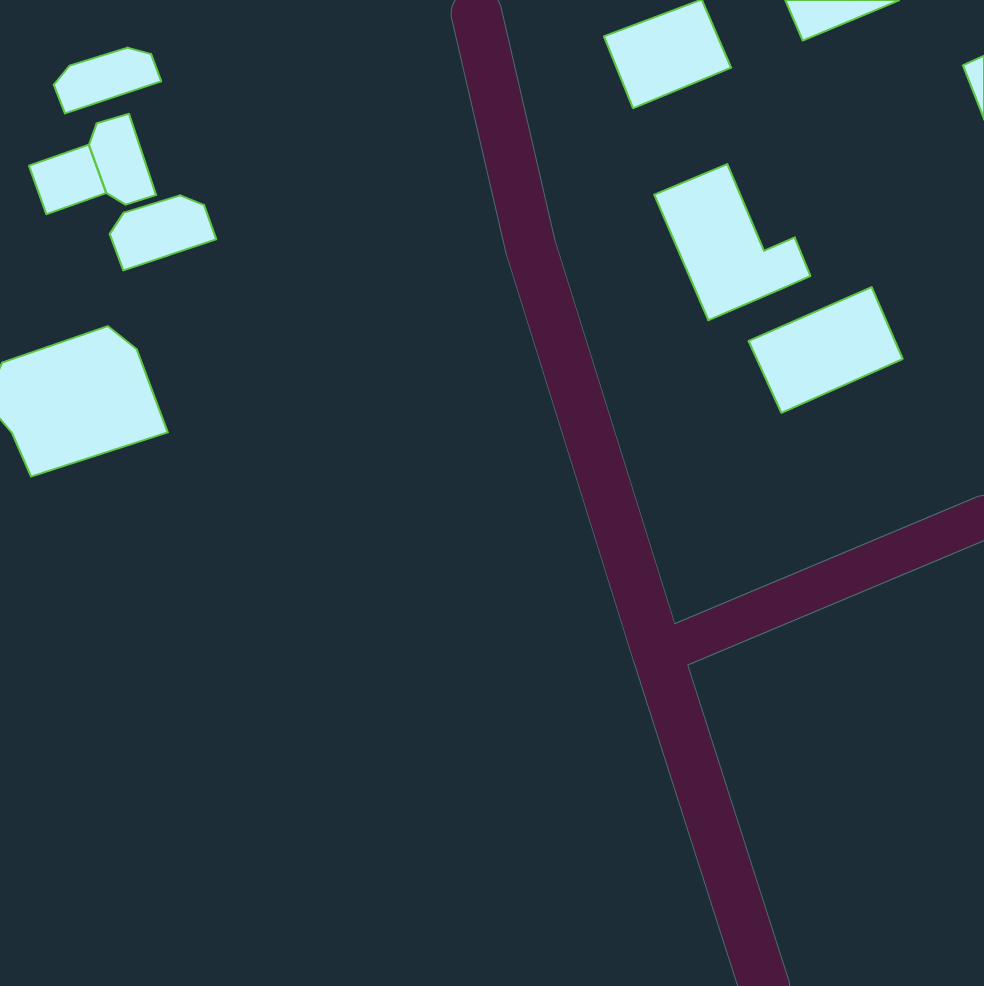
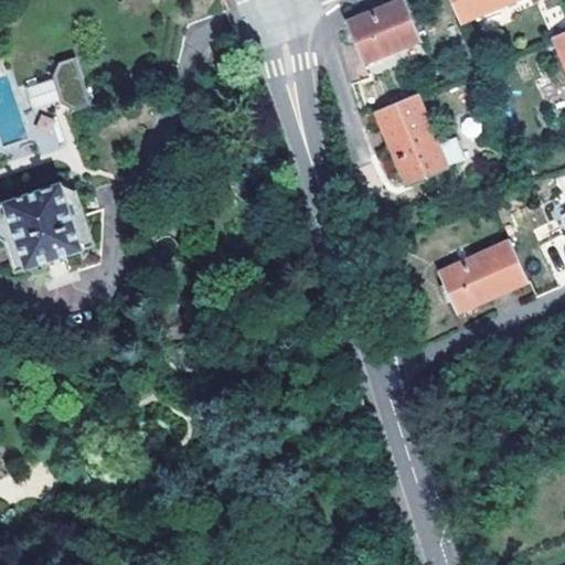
building: [54,47,161,114] -> none
building: [110,195,216,270] -> none
building: [748,287,903,413] -> [438,235,526,307]

